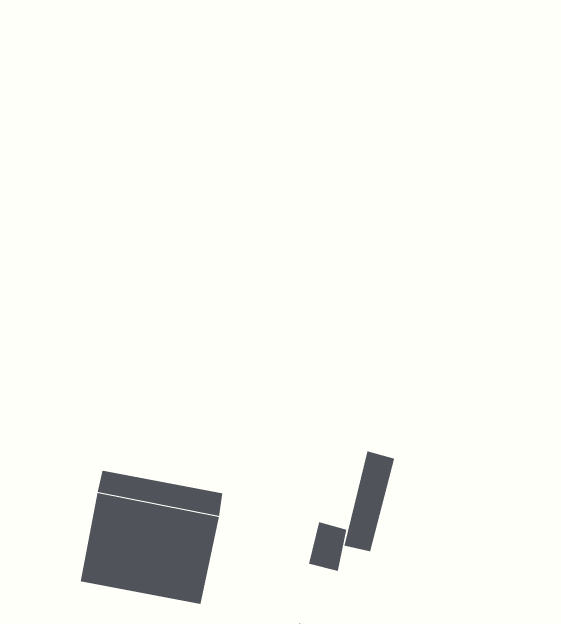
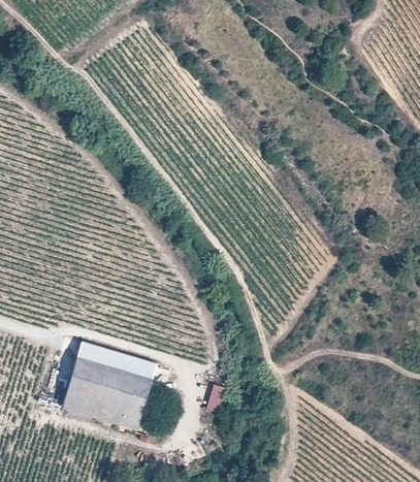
building: [344,450,395,552] -> none

